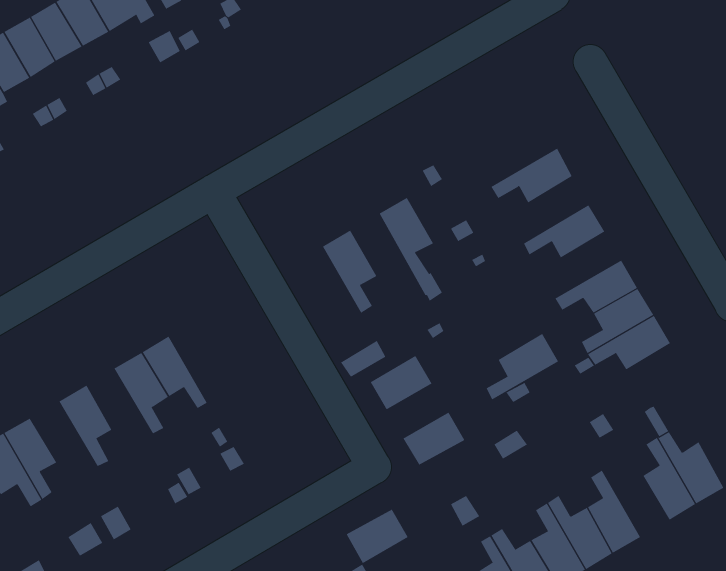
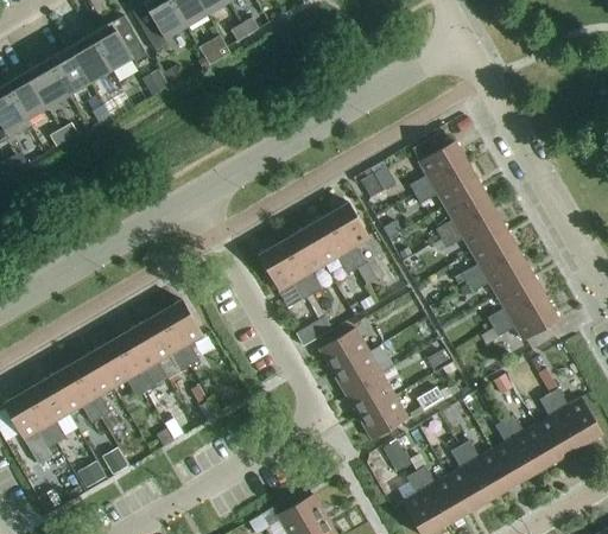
building: none -> [410,133,469,193]
building: none -> [436,185,494,239]
building: none -> [304,215,363,284]
building: none -> [259,241,312,299]
building: none -> [159,299,203,365]
building: [486,333,559,400] -> [462,229,520,282]
building: none -> [94,338,146,396]
building: none -> [332,350,382,394]
building: none -> [49,364,102,422]
building: none -> [505,414,558,472]
building: [346,509,409,564] -> [359,395,408,439]

